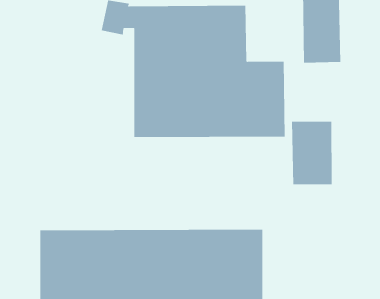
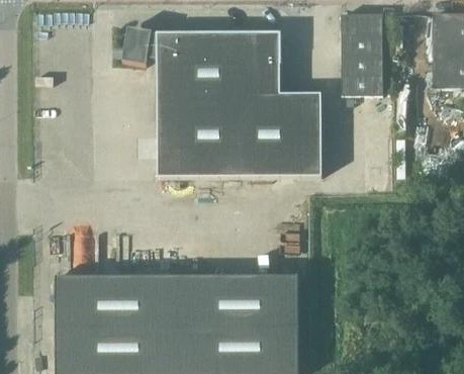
building: [291,121,332,185] -> none

